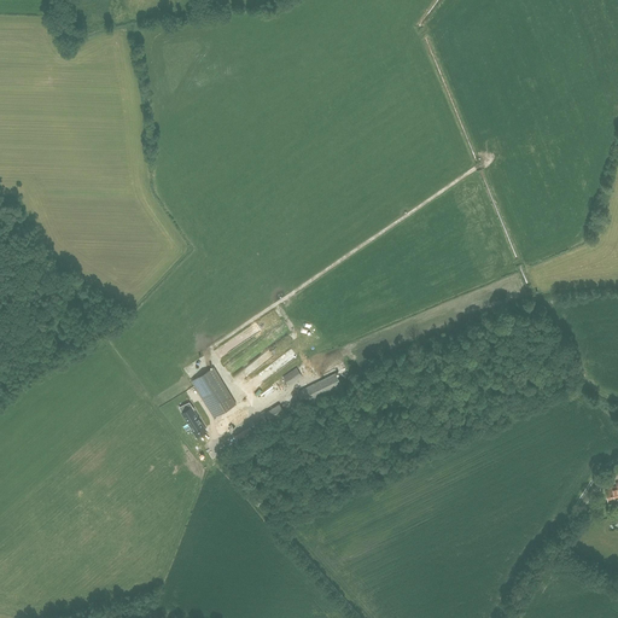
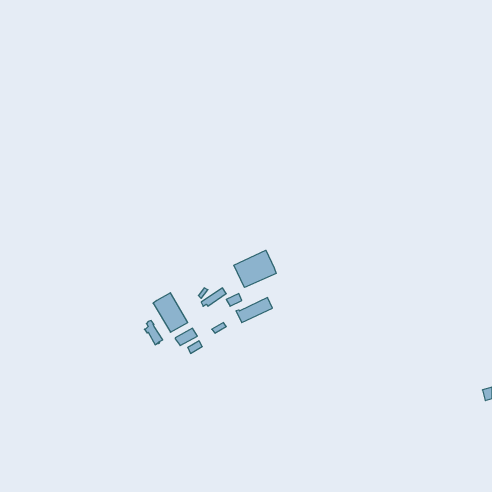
building: none -> [234,250,276,287]

